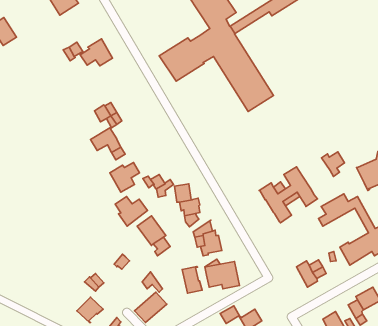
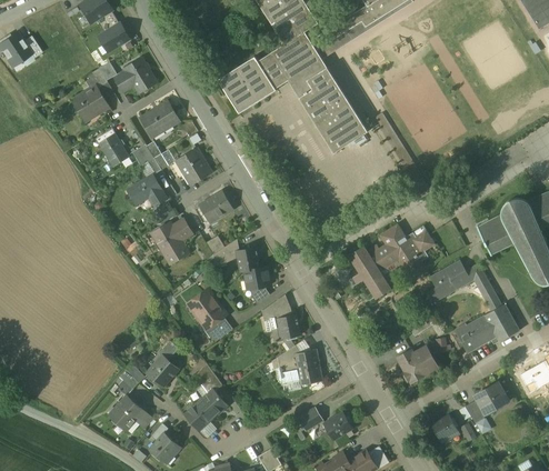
building: none -> [96,21,129,53]
building: none -> [71,84,109,121]
building: none -> [140,100,179,137]
building: none -> [98,132,129,167]
building: none -> [176,148,211,184]
building: none -> [199,191,232,222]
building: [322,152,344,177] -> [405,229,435,261]
building: [115,196,147,226] -> none
building: none -> [147,354,177,385]
building: [182,266,202,293] -> none

